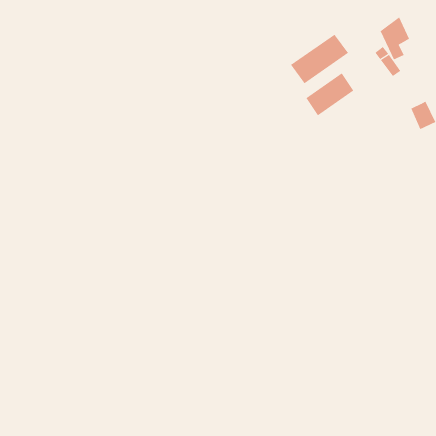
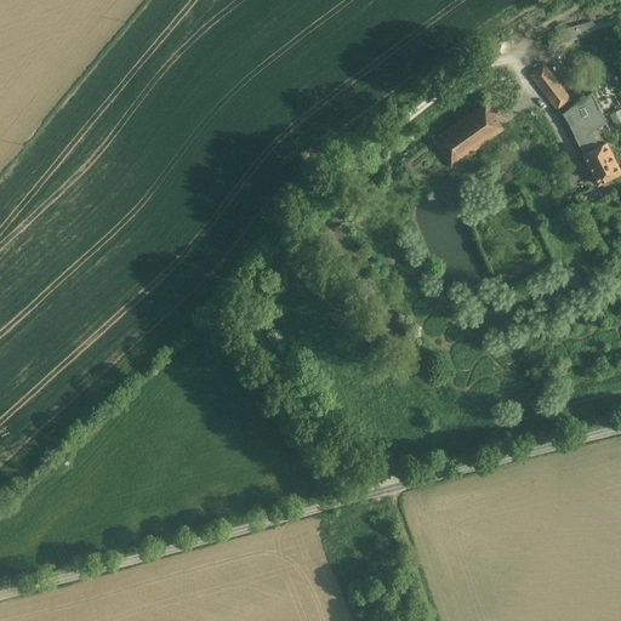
building: [380,17,410,60] -> [564,92,606,154]
building: [290,34,349,84] -> none

